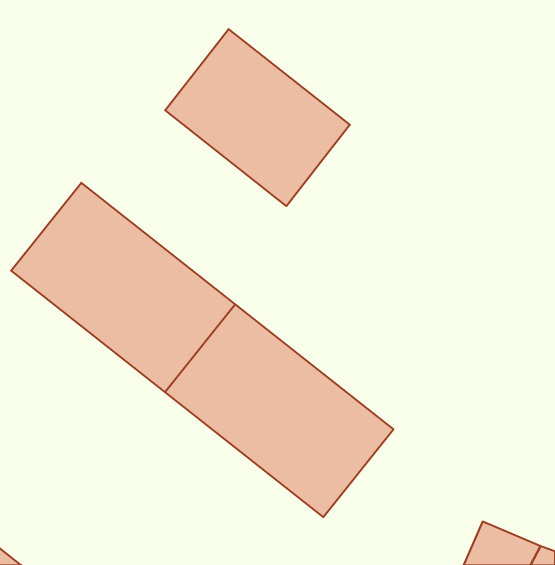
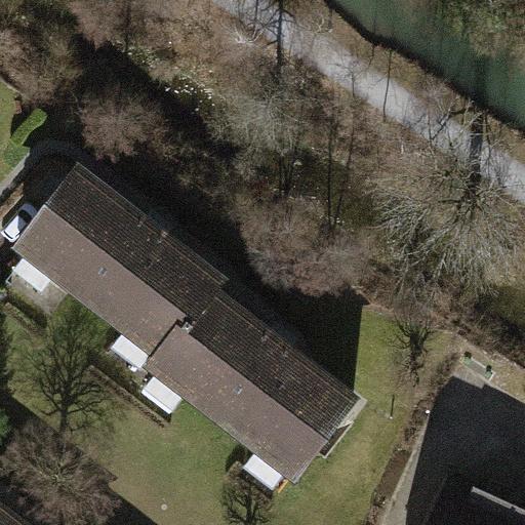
building: [165,29,350,206] -> none

